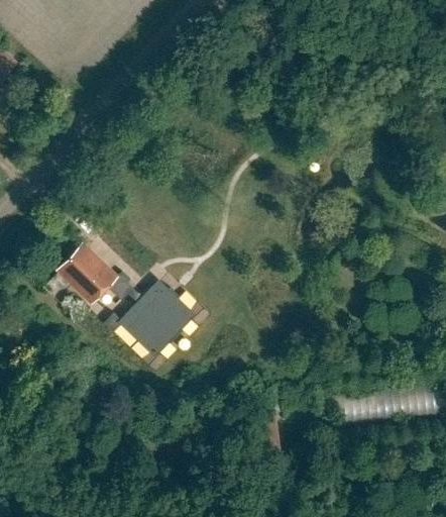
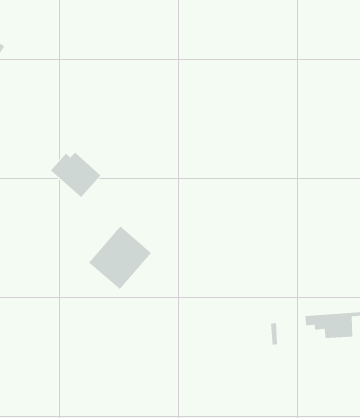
building: [55,248,117,304] -> [50,152,101,198]

